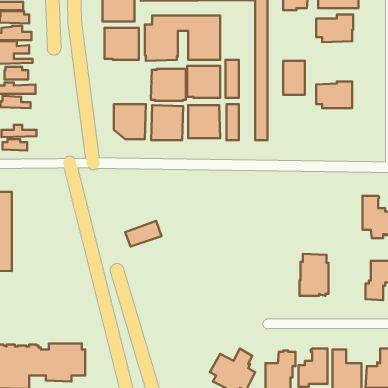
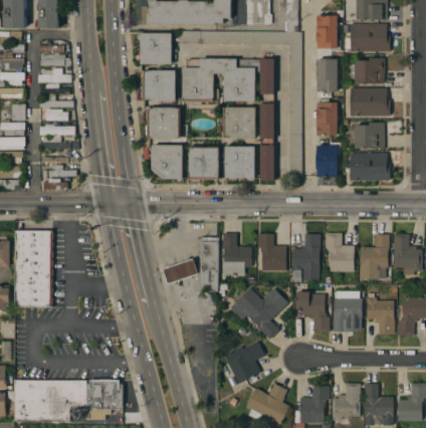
building: none -> [260,57,274,93]
building: none -> [316,59,338,91]
building: none -> [350,88,390,116]
building: [151,69,186,101] -> [147,108,181,139]
building: none -> [316,143,341,177]
building: none -> [350,153,390,181]
building: none -> [223,233,252,274]
building: none -> [257,233,286,271]
building: none -> [325,233,354,271]
building: none -> [291,234,321,282]
building: none -> [360,234,389,279]
building: none -> [200,237,218,291]
building: none -> [229,287,288,340]
building: none -> [295,291,330,333]
building: none -> [366,293,394,334]
building: none -> [223,341,265,384]

